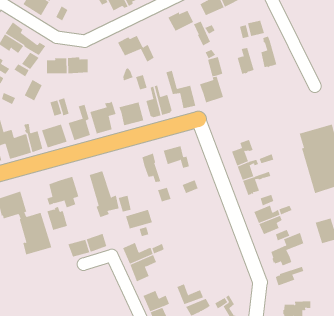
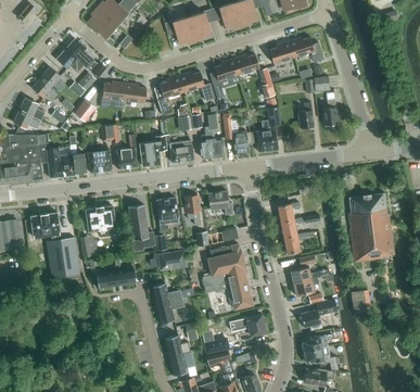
building: none -> [209,59,239,98]
building: none -> [157,76,183,115]
building: none -> [156,198,179,231]
building: none -> [202,243,253,309]
building: none -> [229,314,267,334]
building: none -> [303,345,338,366]

